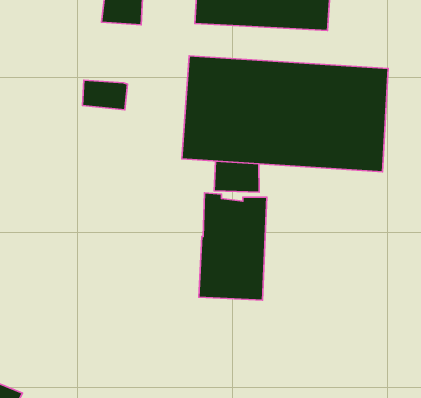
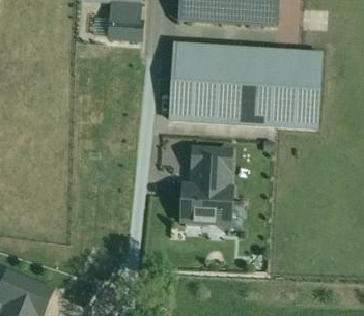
building: [82,80,128,110] -> [109,18,142,39]
building: [214,161,259,192] -> none

